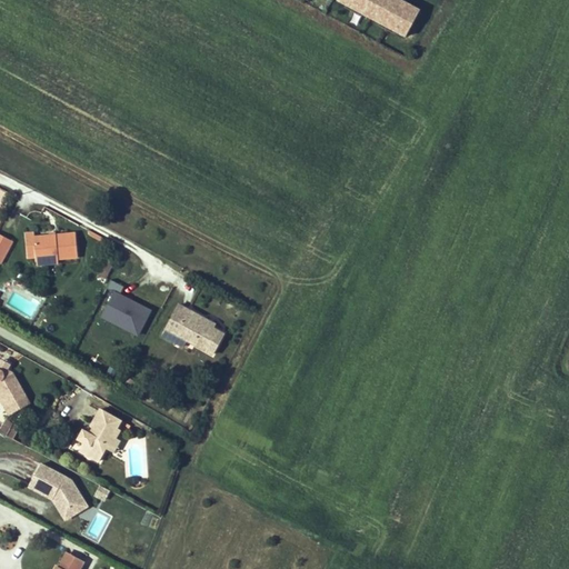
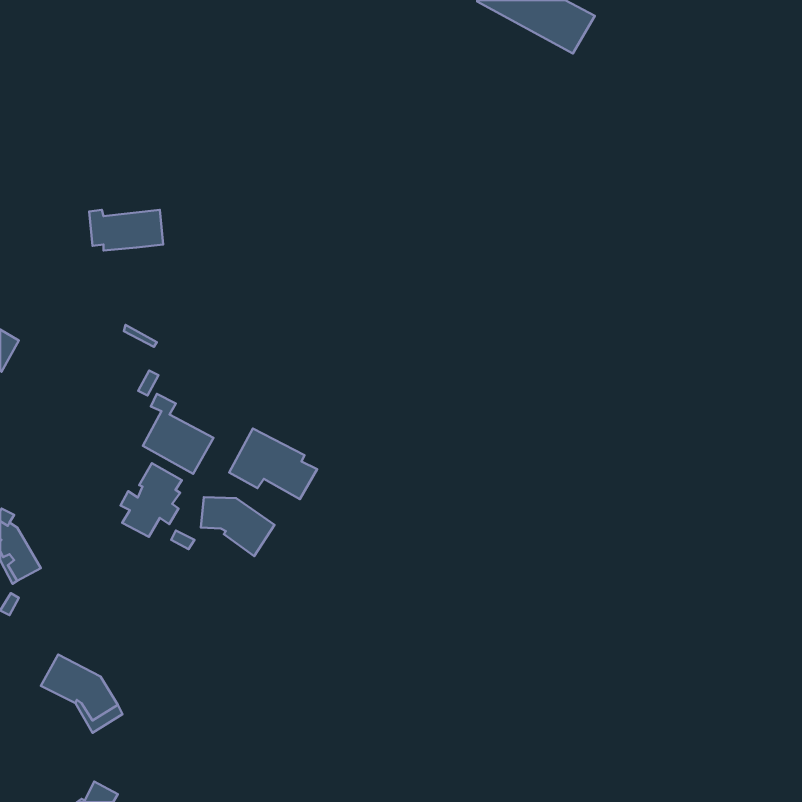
building: [26,232,78,261] -> [89,210,163,251]
building: none -> [201,497,274,556]
building: [77,409,120,461] -> [120,463,182,537]

